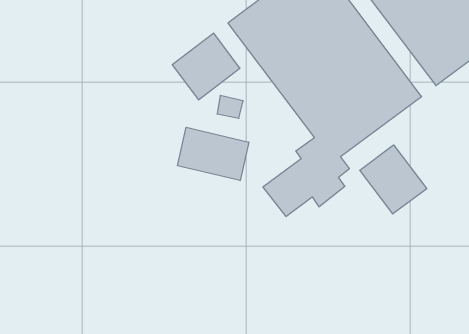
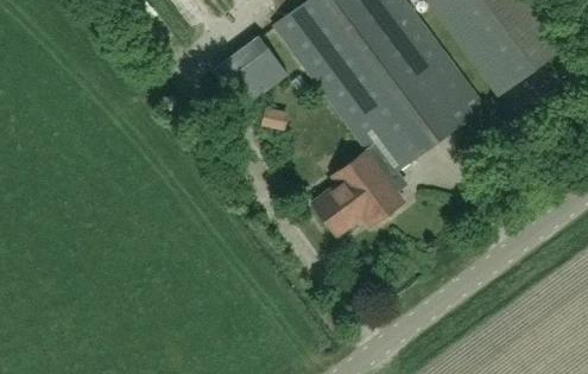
building: [178,127,249,181] -> none
building: [360,145,427,214] -> none

